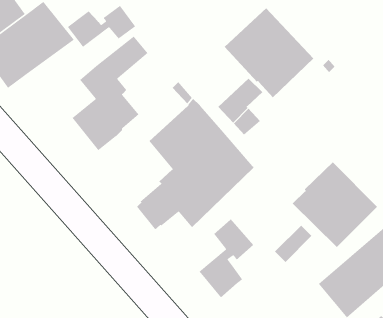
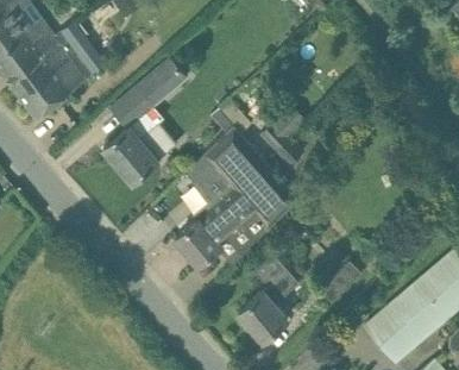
building: [67,5,136,48] -> none
building: [224,8,314,98] -> none
building: [292,161,378,248] -> none

